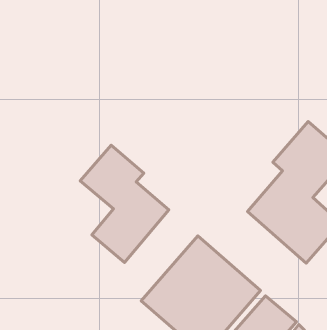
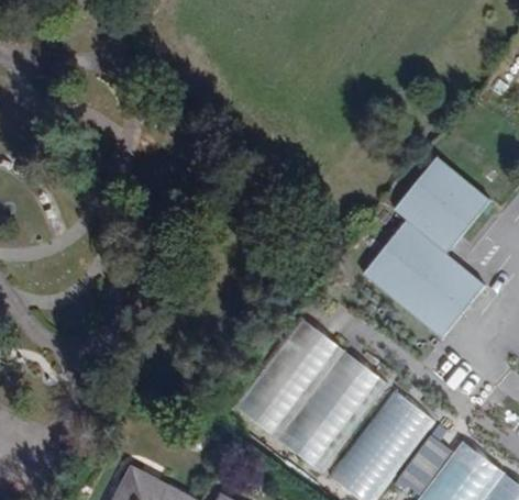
building: [80,145,169,262] -> none

